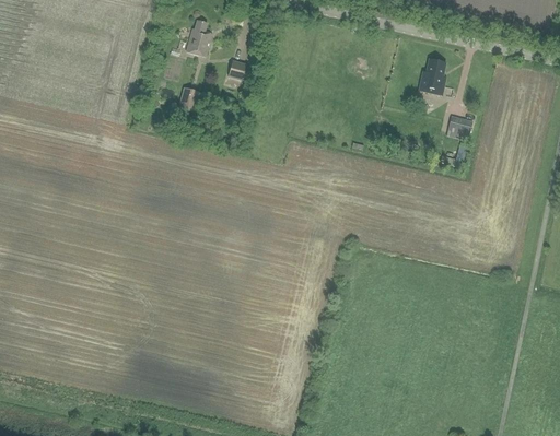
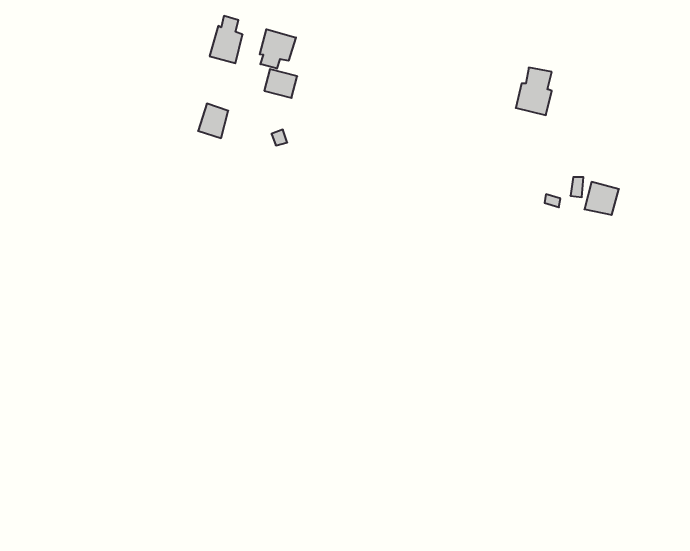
building: none -> [260,29,296,69]
building: [445,115,471,140] -> [584,182,619,215]

